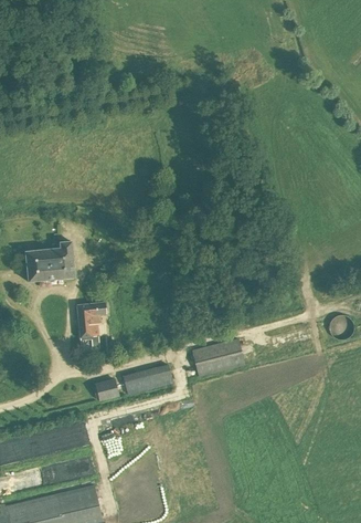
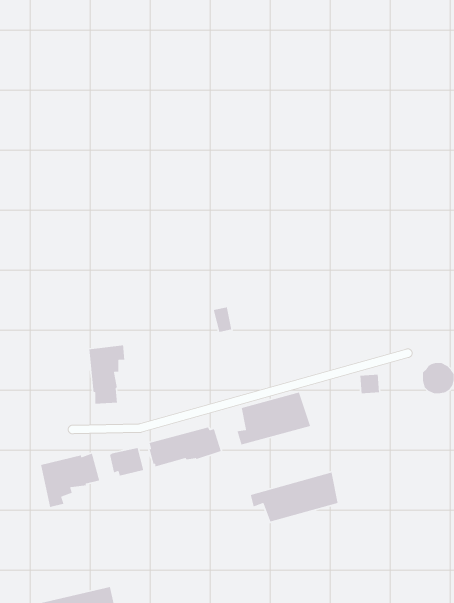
building: [25,243,75,283] -> none
building: none -> [40,452,100,508]
building: none -> [250,471,339,522]

